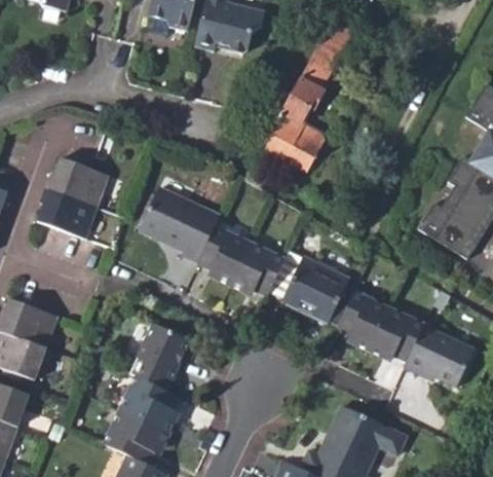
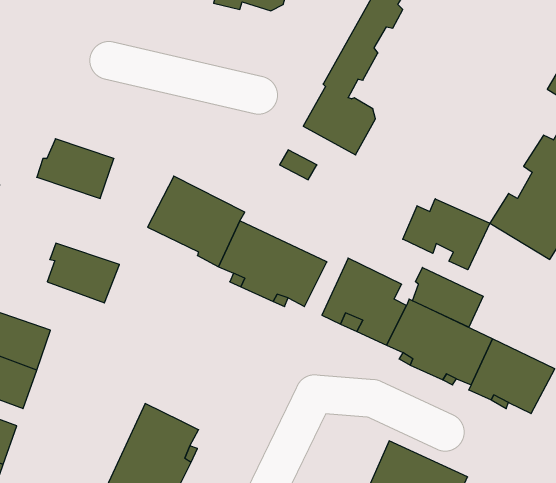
building: [38,189,98,238] -> [47,243,119,303]
building: none -> [403,199,490,270]
building: none -> [413,267,483,327]
building: [130,321,189,391] -> none

